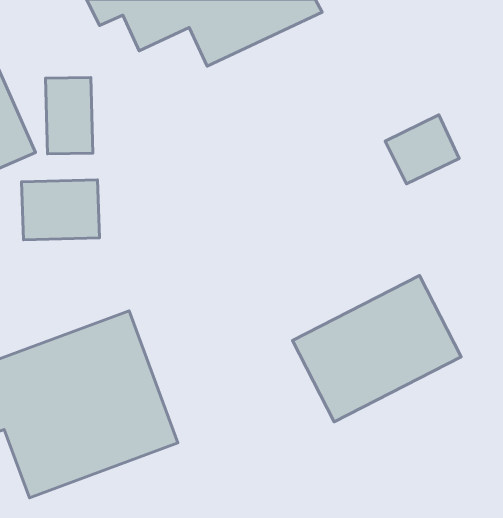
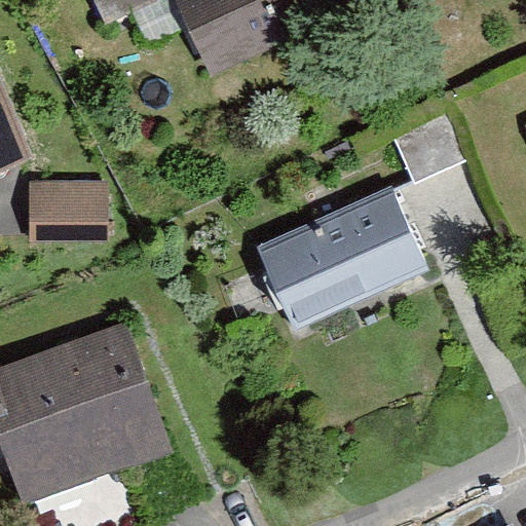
building: [46,77,93,154] -> none
building: [292,276,461,422] -> [261,182,431,330]

